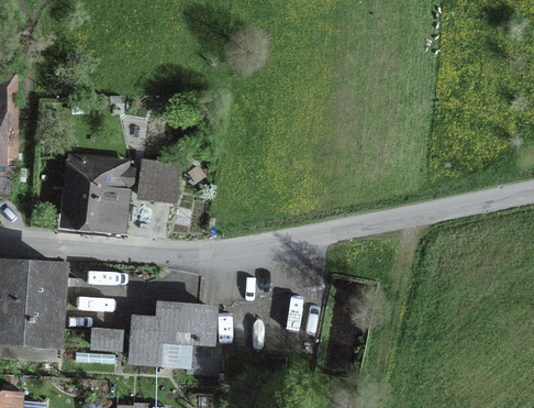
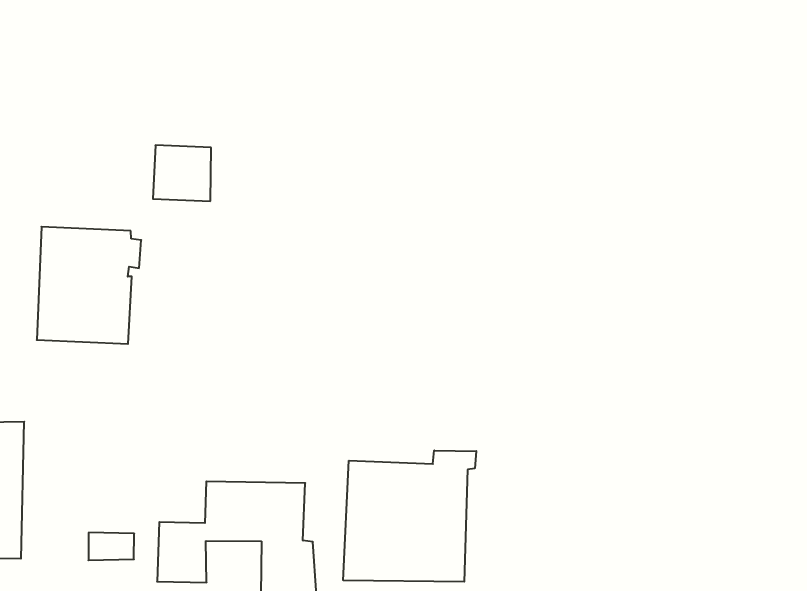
building: [141,166,175,199] -> [153,145,211,201]
building: none -> [343,450,476,582]

